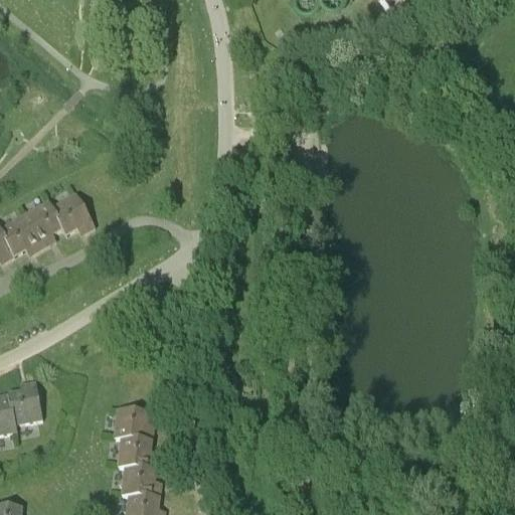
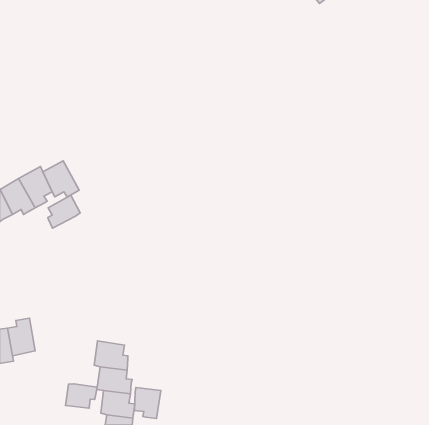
building: none -> [48,195,80,228]
building: none -> [66,384,97,408]
building: none -> [134,387,161,419]

